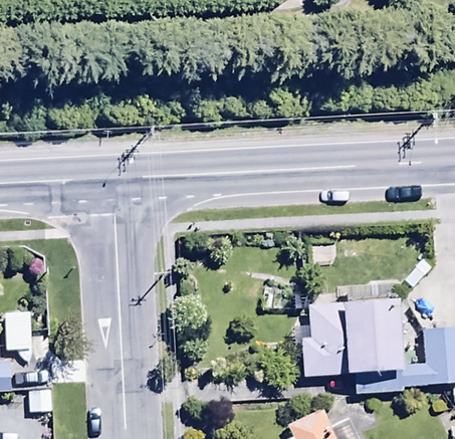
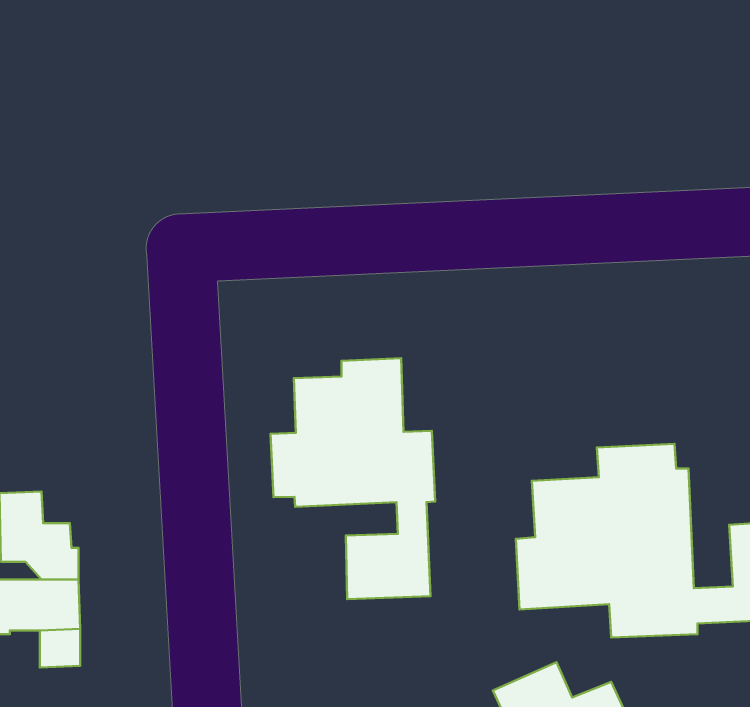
building: none -> [271,358,435,599]

